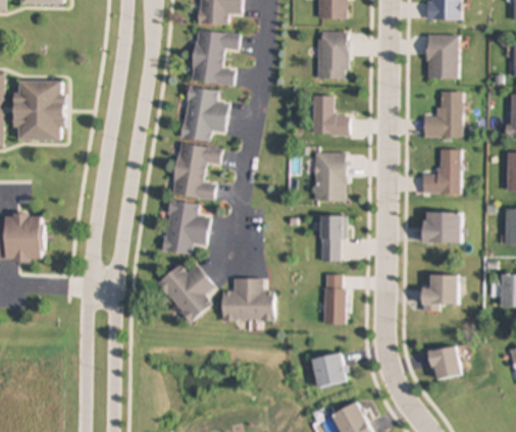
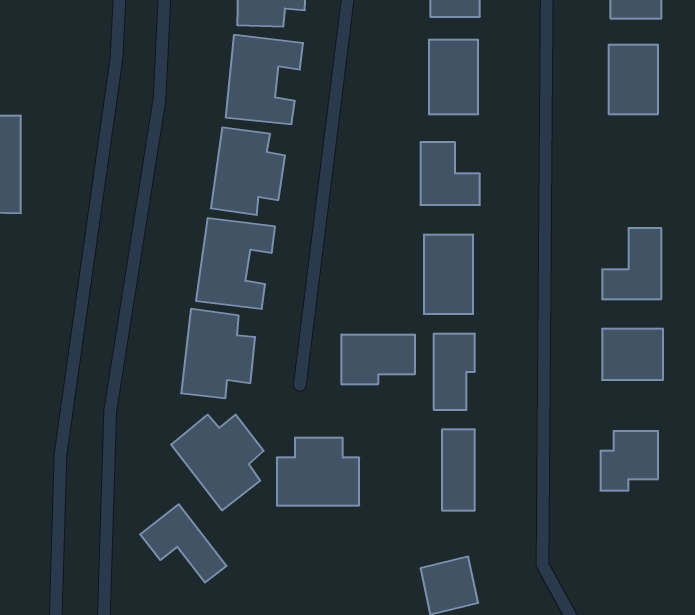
building: [423,92,462,137] -> none
building: none -> [341,334,415,384]
building: none -> [140,504,227,583]
building: [428,345,461,379] -> none

